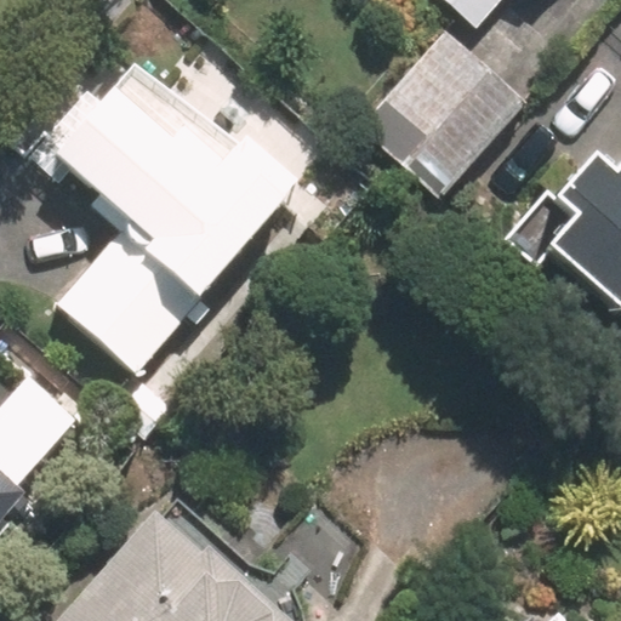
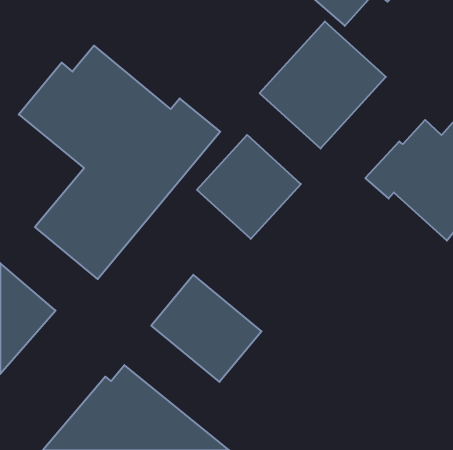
building: none -> [197,135,301,239]
building: none -> [151,275,262,382]

